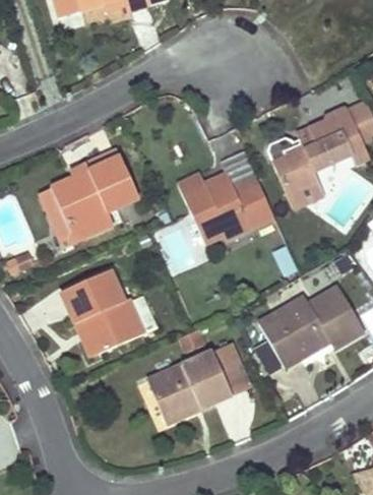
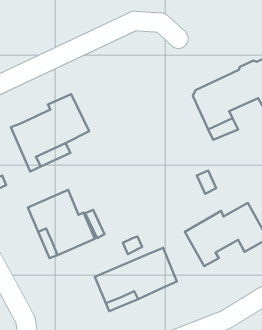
building: [177,172,275,244] -> none

